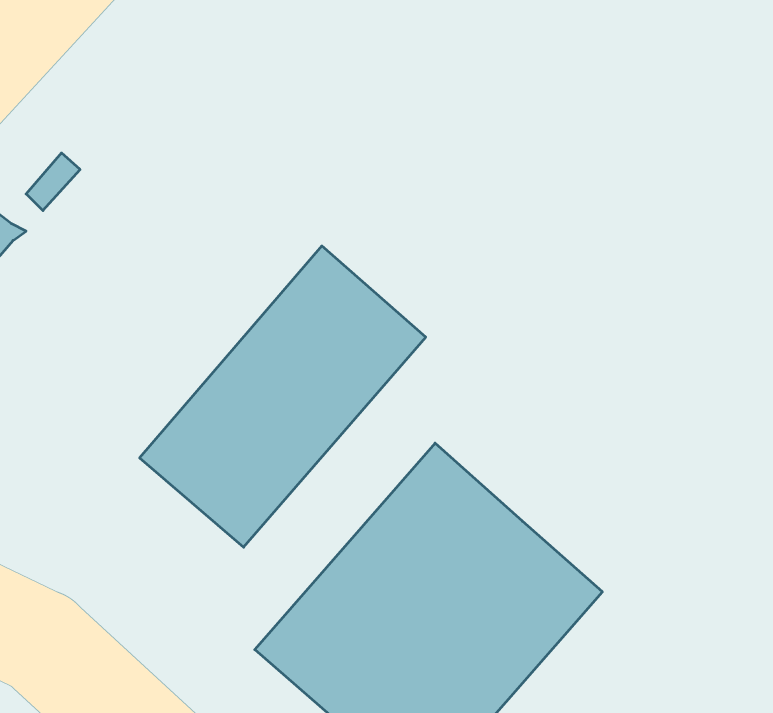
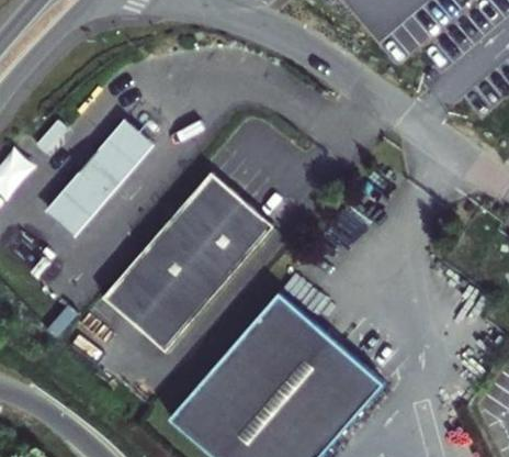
building: none -> [47,114,155,233]

